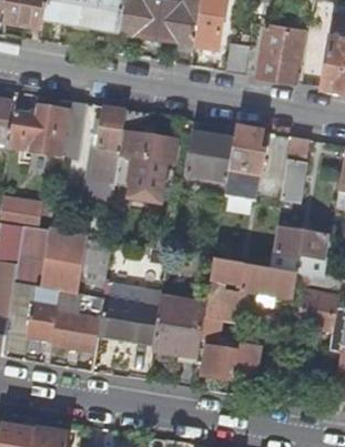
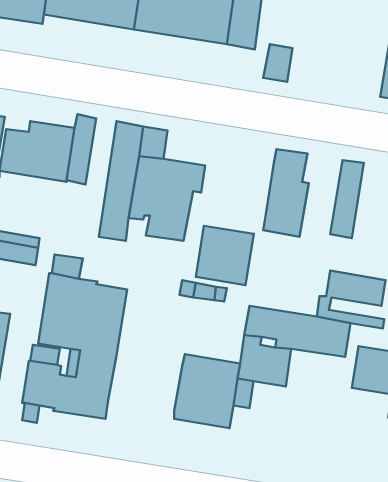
building: [255,23,303,80] -> none
building: [185,132,233,181] -> [196,226,254,285]
building: [12,225,48,287] -> none
building: [97,281,161,343] -> none
building: [200,344,260,379] -> none

